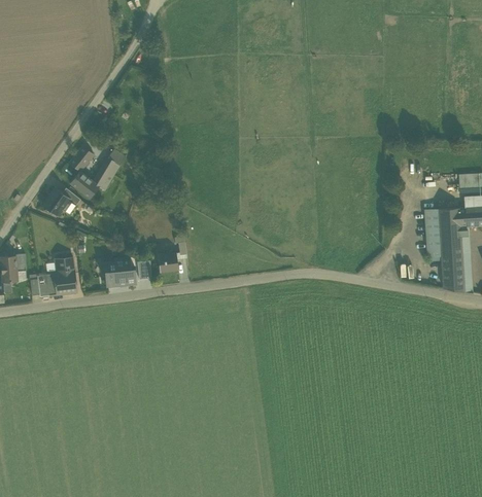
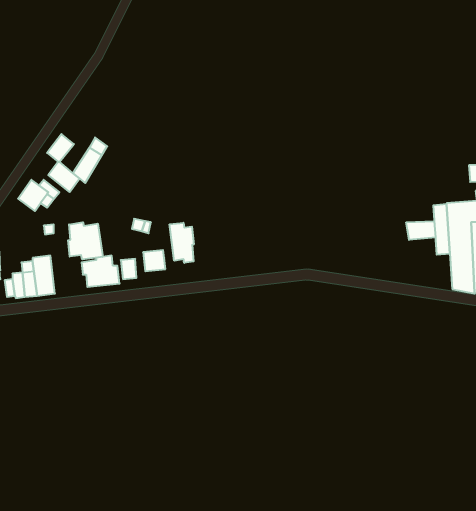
building: none -> [406,221,435,240]
building: none -> [68,222,103,259]
building: none -> [170,223,194,263]

